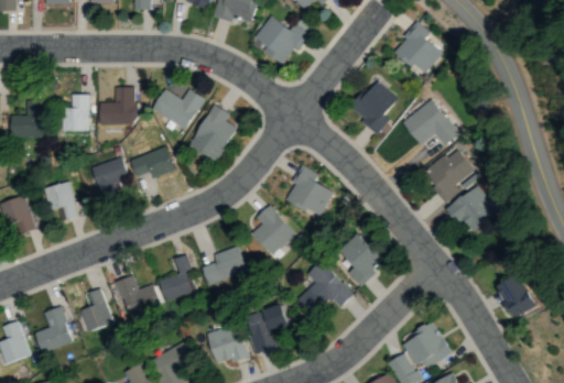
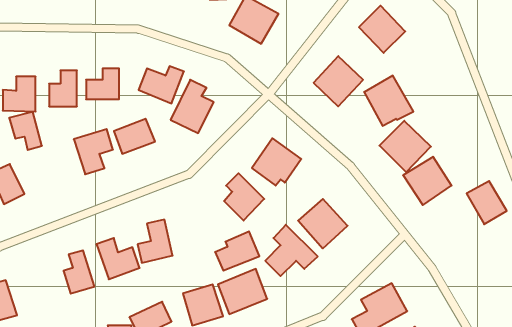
building: [42,180,77,221] -> [9,112,42,150]
building: [197,243,245,285] -> [215,231,259,271]
building: [490,271,533,317] -> [467,181,507,224]
building: [31,305,70,352] -> none

